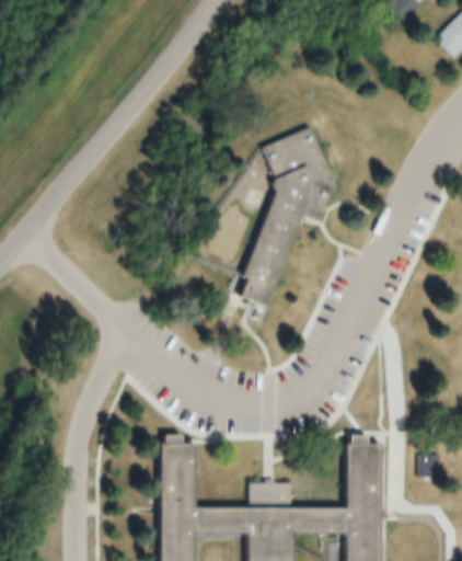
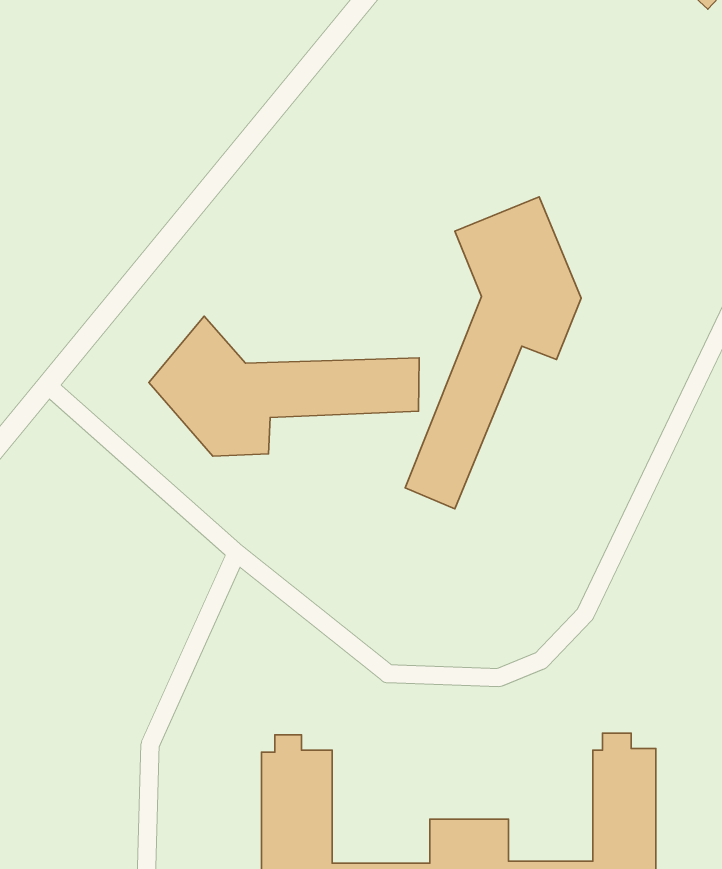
building: none -> [149,316,419,456]

